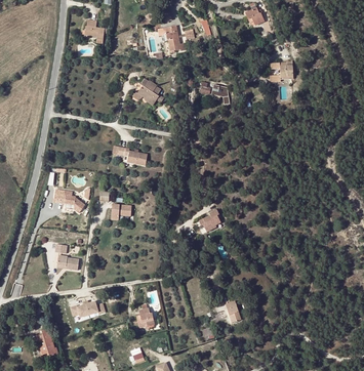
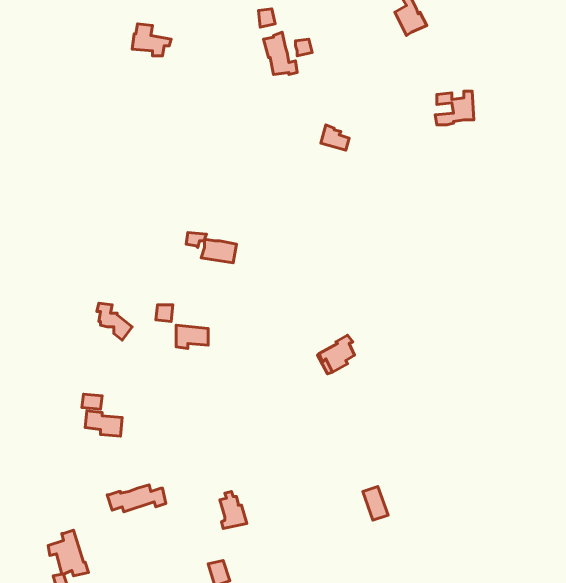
building: [132,78,161,101] -> none

